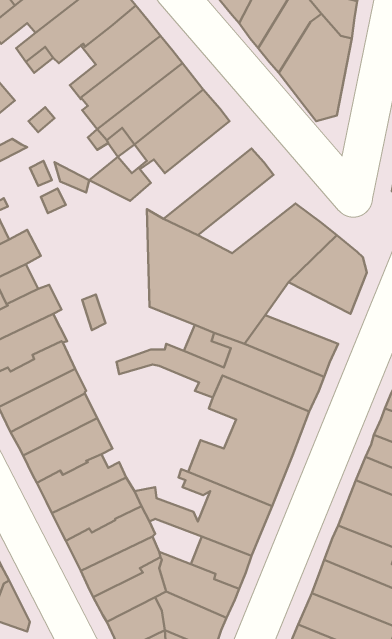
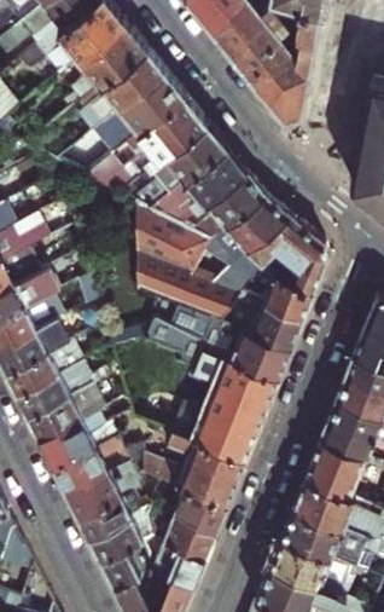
building: none -> [132,125,227,210]
building: none -> [180,172,266,241]
building: none -> [239,266,314,321]

